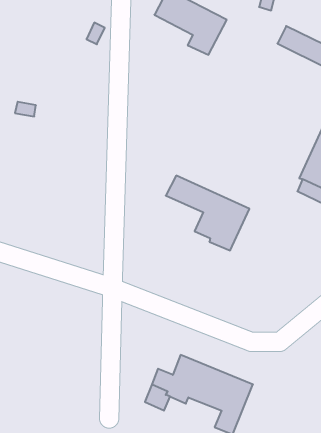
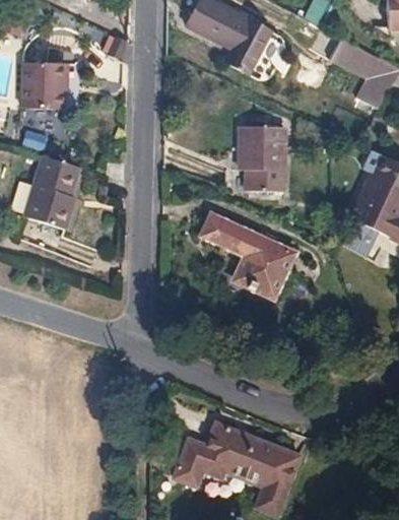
building: none -> [21,62,63,108]
building: none -> [239,126,282,190]
building: none -> [23,155,79,229]

